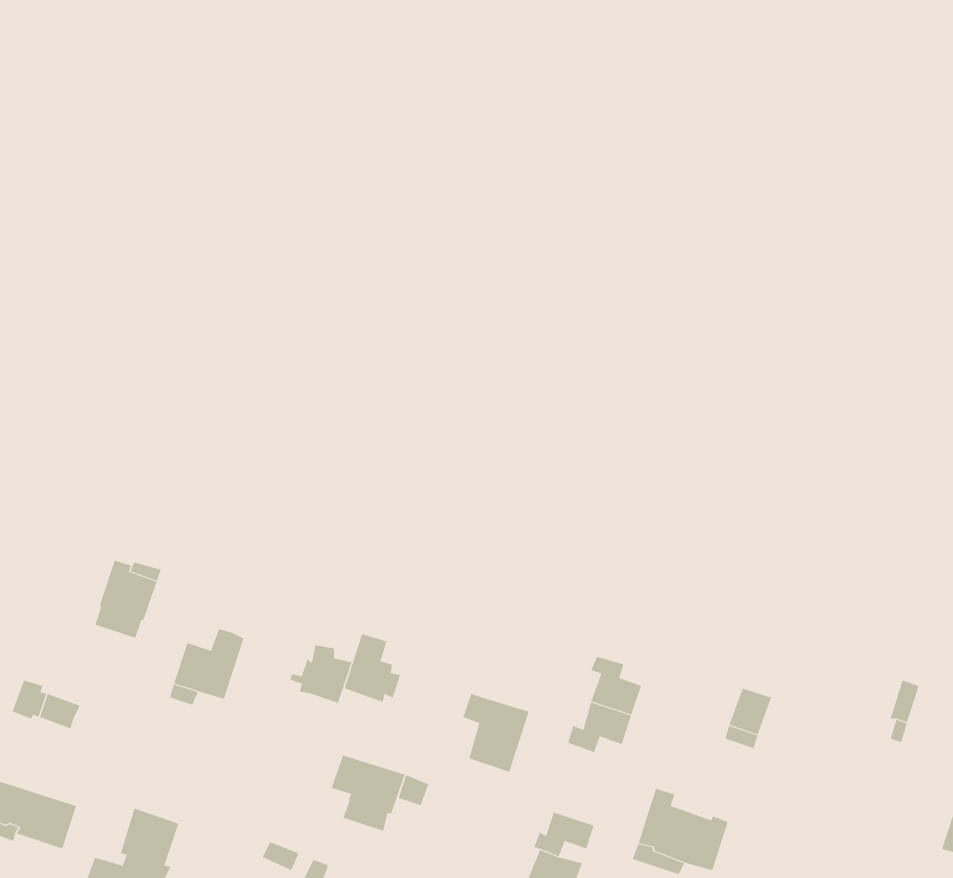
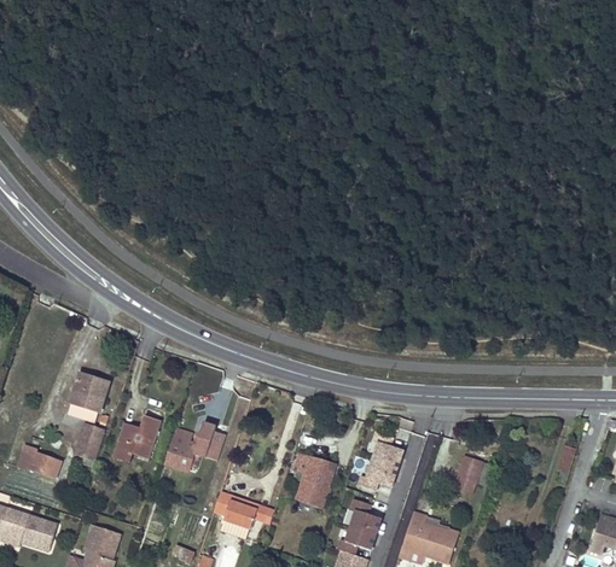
building: [344,633,401,702] -> [165,428,201,470]
building: none -> [76,423,104,457]
building: none -> [350,498,382,534]

